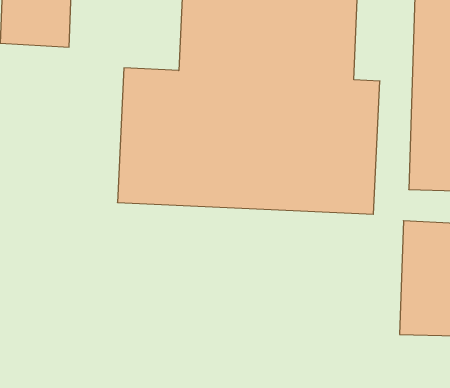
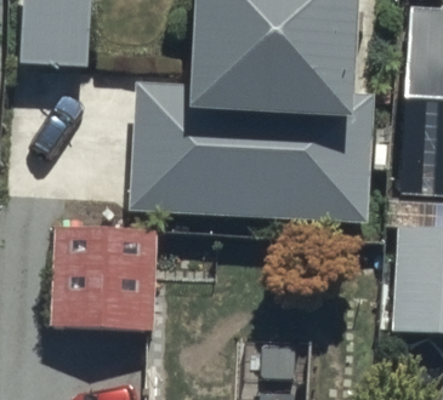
building: none -> [53,225,155,327]

